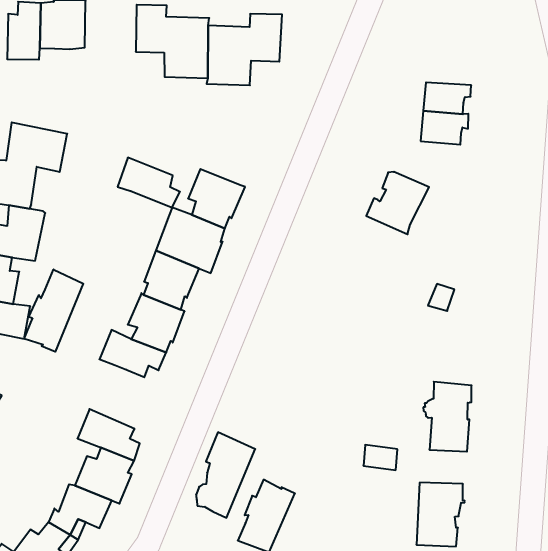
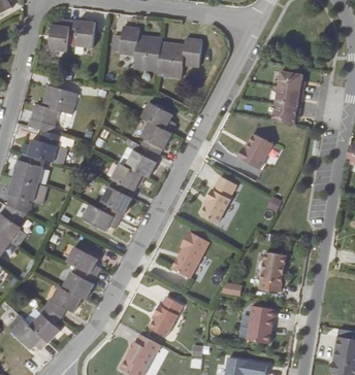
building: none -> [278,68,303,90]
building: [118,158,180,207] -> [141,102,175,132]
building: none -> [199,175,236,221]
building: [24,269,83,352] -> none
building: [196,432,255,518] -> [173,230,208,277]

